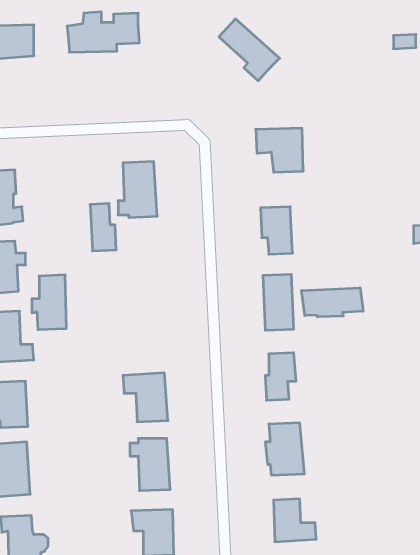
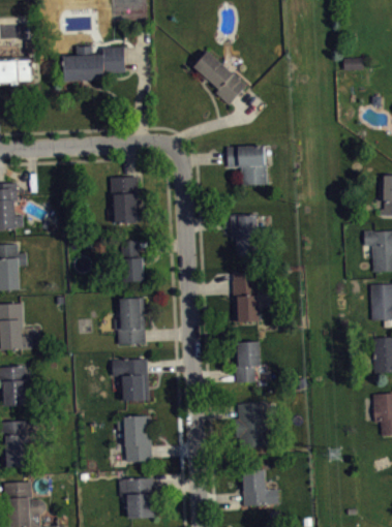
building: [90,203,116,251] -> [121,241,144,282]
building: [32,275,66,330] -> [114,299,144,346]
building: [302,288,363,317] -> none

